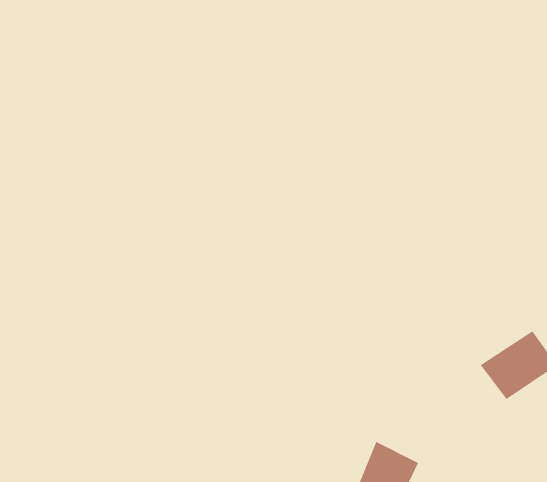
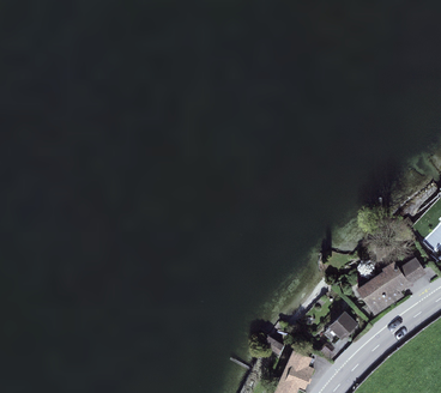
building: none -> [326,309,357,341]

